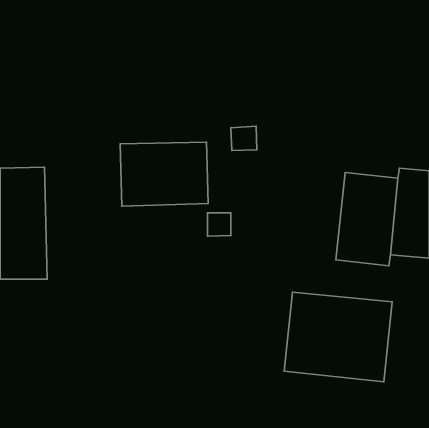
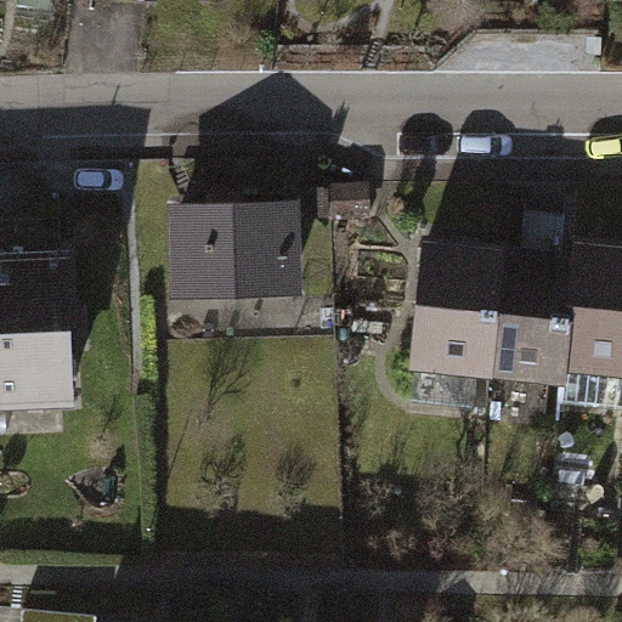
building: none -> [414,244,499,378]
building: [284,292,392,382] -> none

